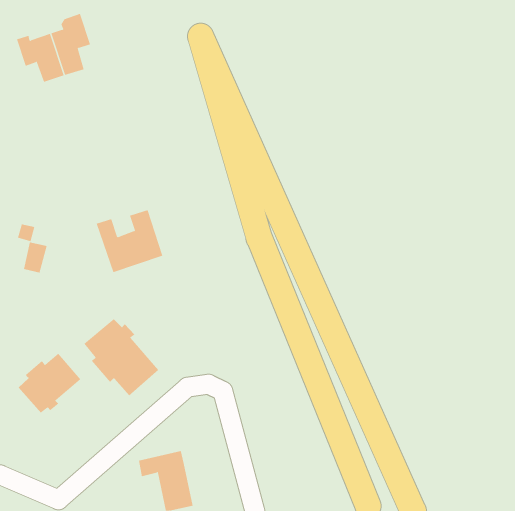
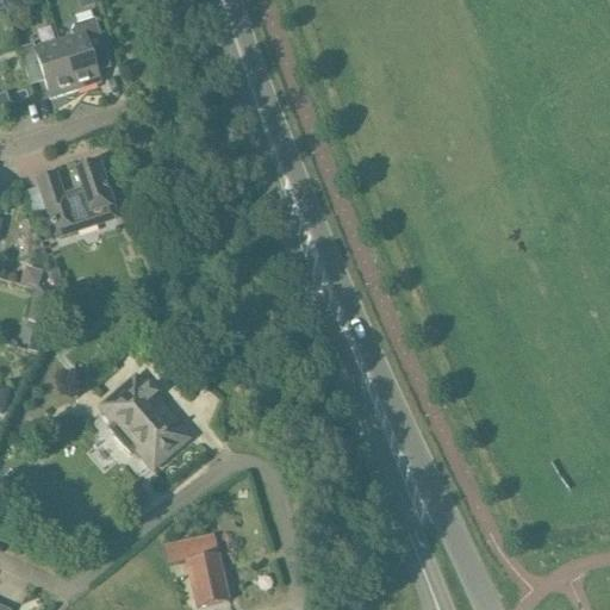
building: [96,209,163,273] -> [37,161,117,236]
building: [18,353,81,413] -> none

